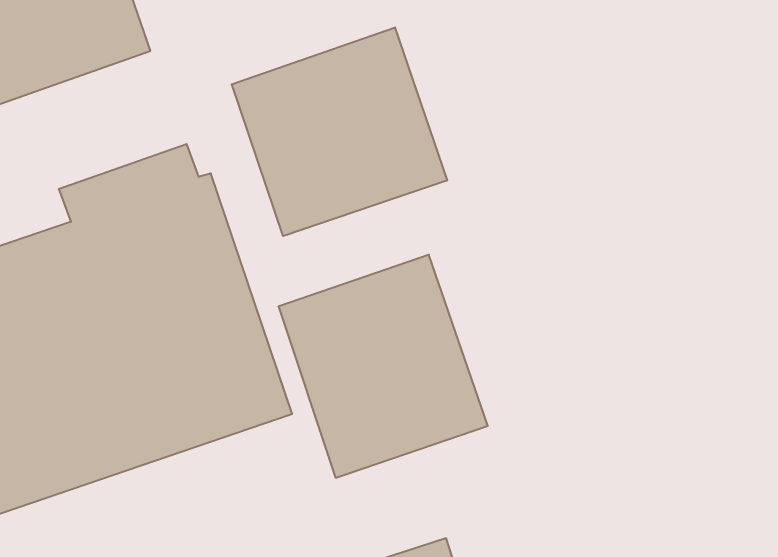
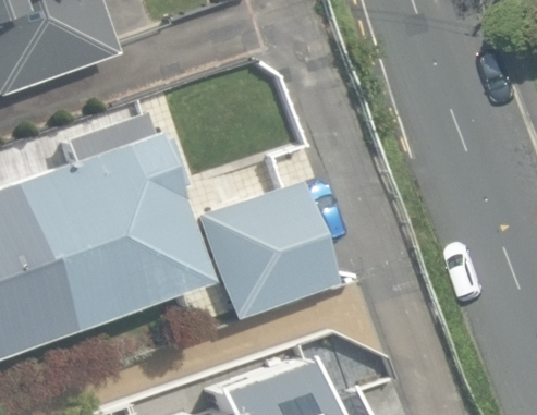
building: [232,27,447,236] -> none

